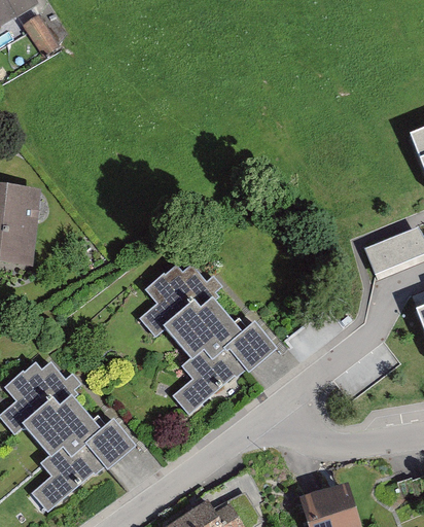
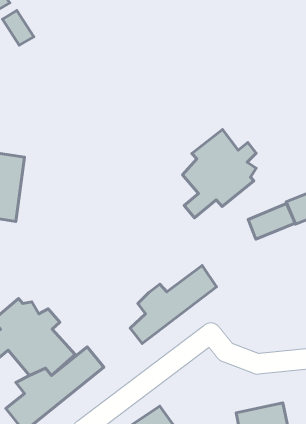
building: none -> [182,130,256,218]
building: none -> [248,203,295,239]
building: [140,268,247,357] -> none

